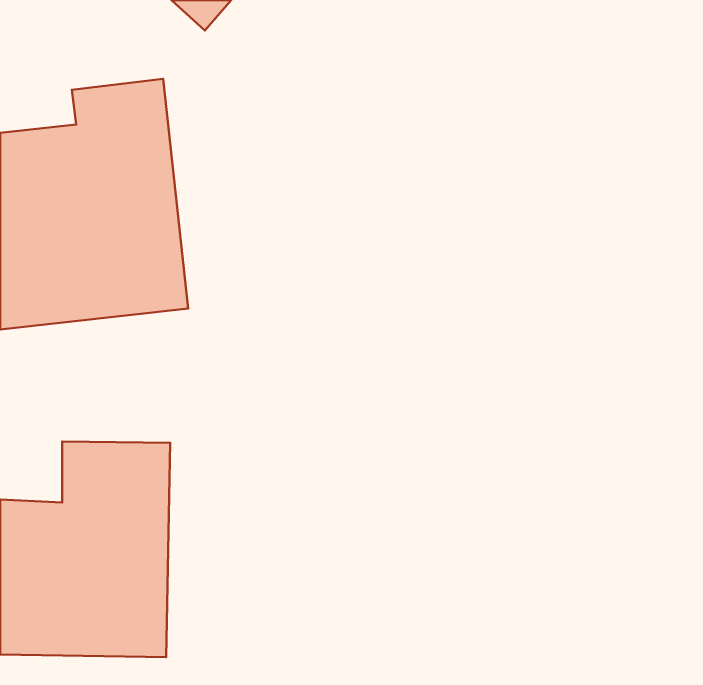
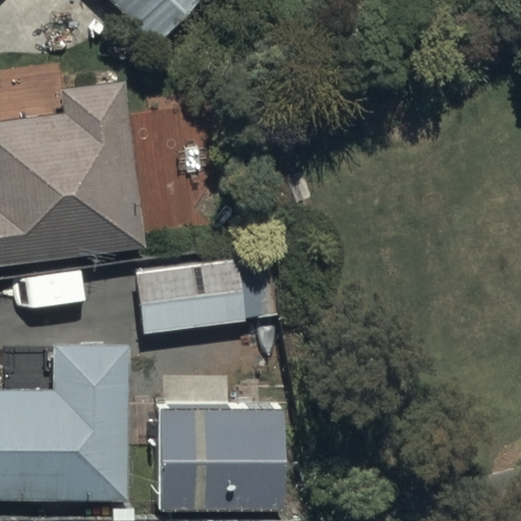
building: none -> [132,255,274,335]
building: none -> [129,388,280,511]

